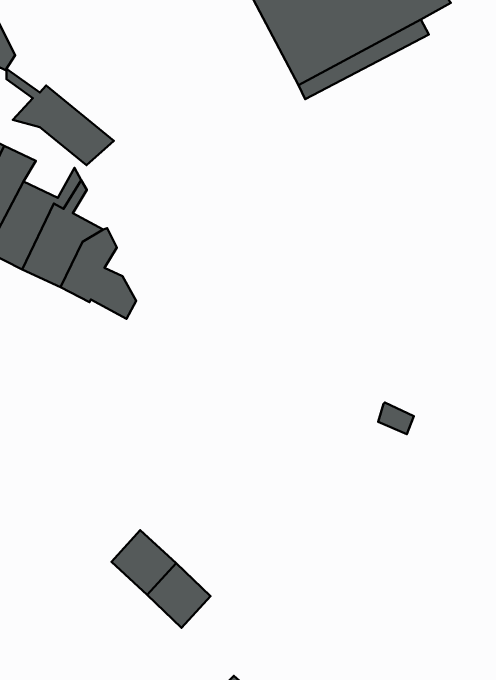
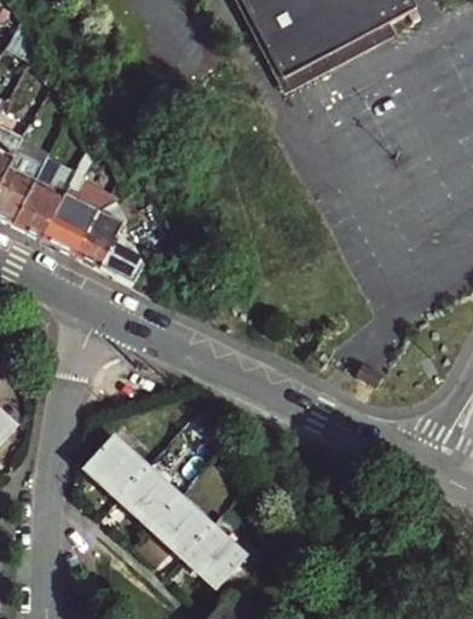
building: [6,69,114,165] -> none
building: none -> [85,436,144,496]
building: none -> [180,526,238,584]

